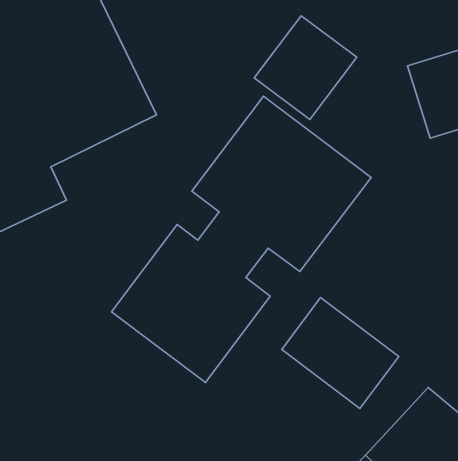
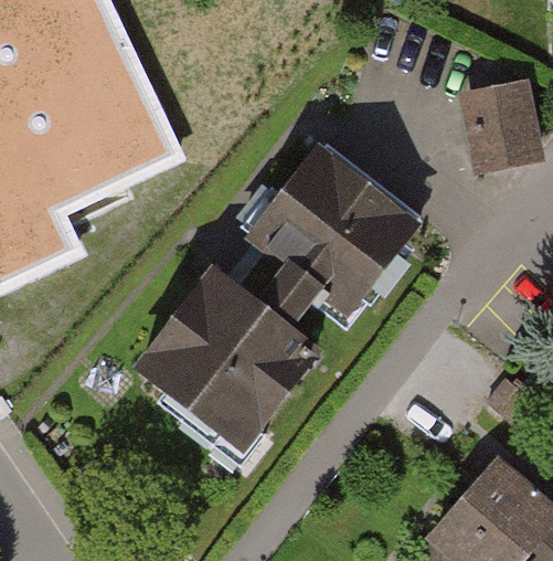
building: [254,16,357,120] -> none
building: [282,298,399,409] -> none

